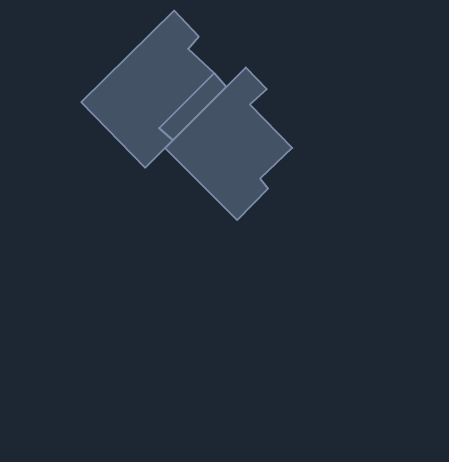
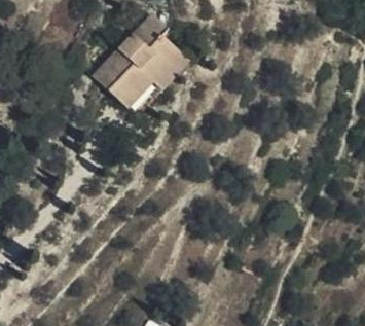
building: [165,67,292,220] -> none

